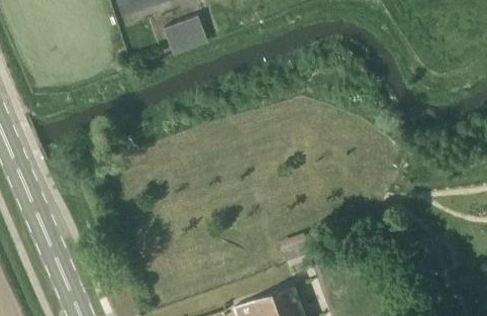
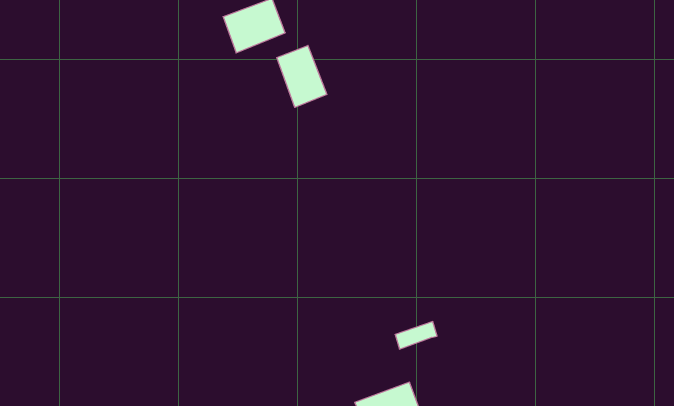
building: none -> [277,45,327,107]

